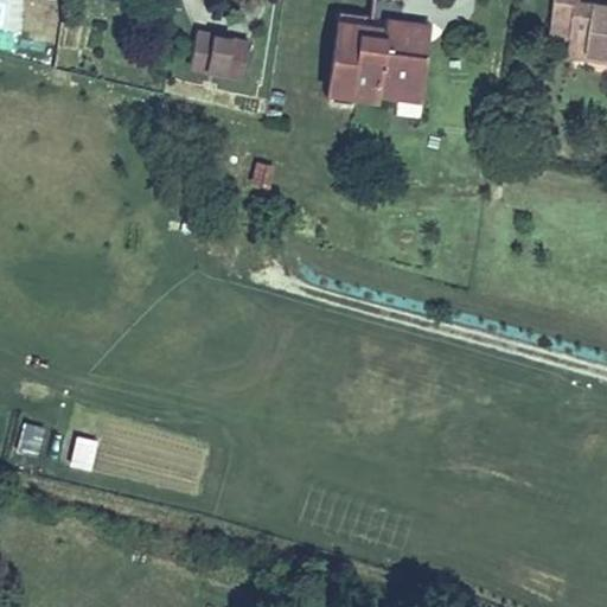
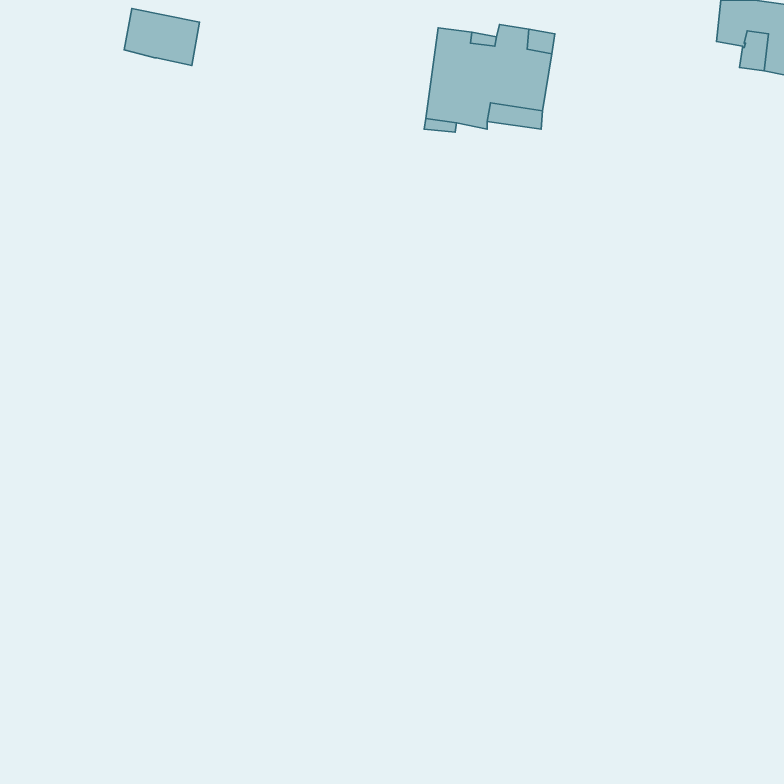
building: [191,32,249,76] -> [124,8,199,65]

